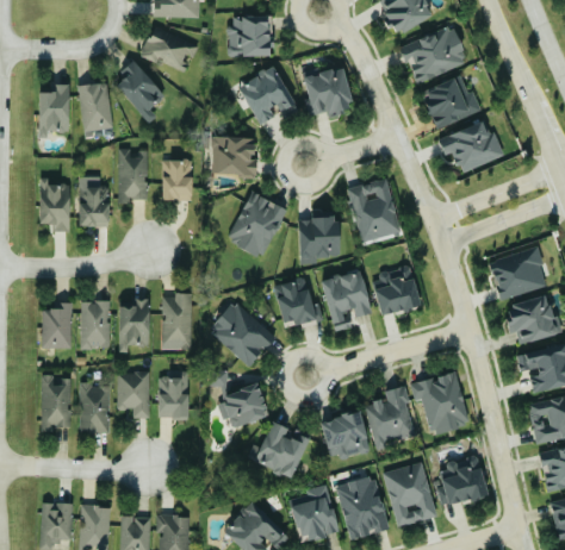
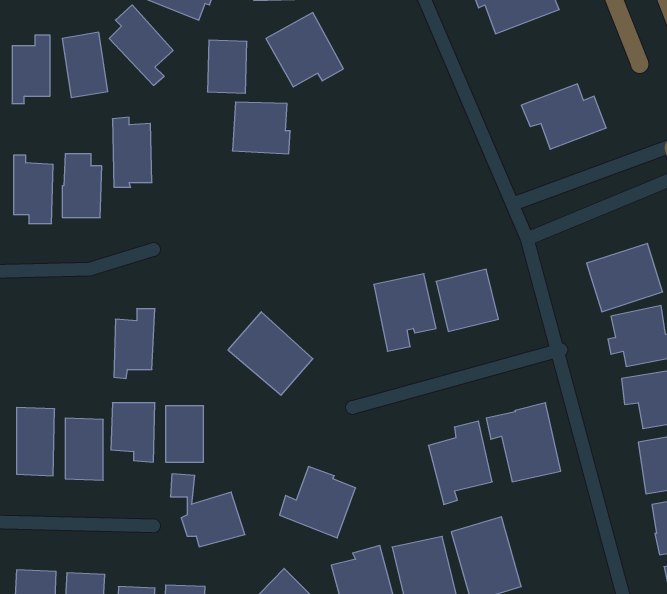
building: [303,67,353,114] -> none
building: [424,75,482,129] -> none
building: [161,158,192,200] -> [207,40,247,93]
building: [348,177,401,242] -> none
building: [228,192,286,258] -> none
building: [298,210,337,264] -> none
building: [273,277,323,326] -> none
building: [162,293,192,349] -> none
building: [80,300,111,348] -> none
building: [42,302,72,348] -> none
building: [210,369,268,426] -> [170,474,245,547]
building: [321,411,370,460] -> none
building: [435,457,486,506] -> none

